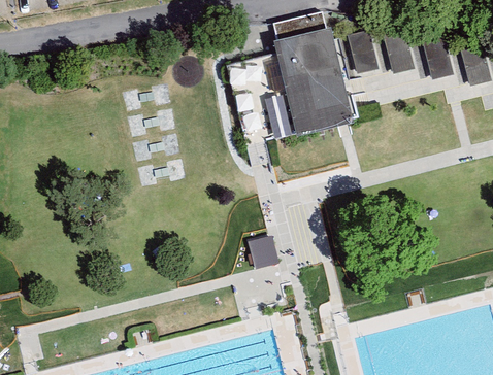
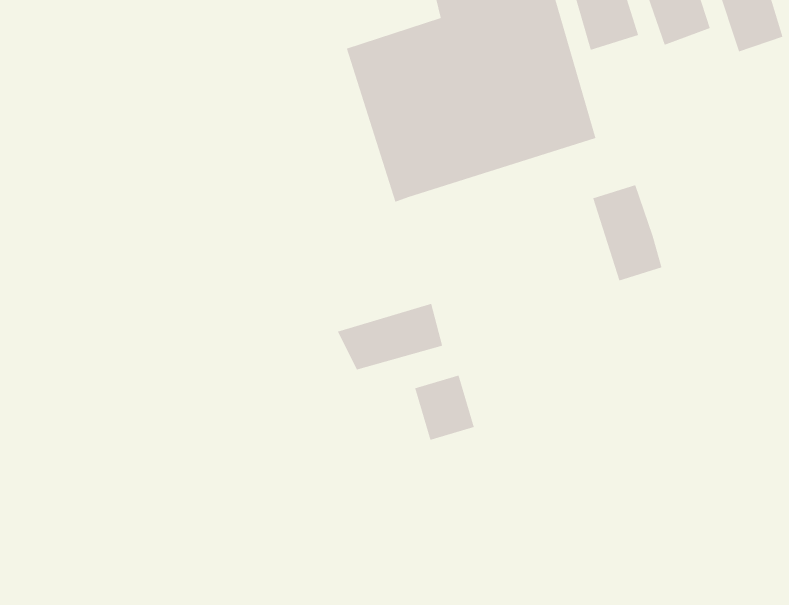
building: none -> [592,184,662,282]
building: none -> [337,303,443,371]

